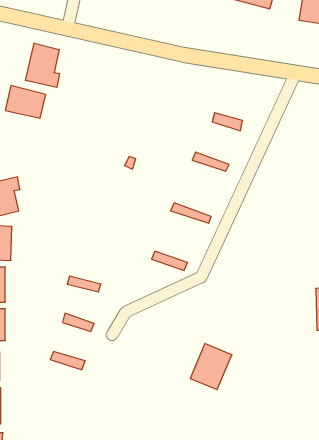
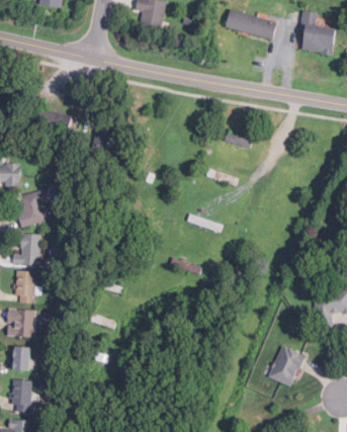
building: [25,43,59,87] -> none
building: [190,343,232,390] -> [268,345,306,386]

